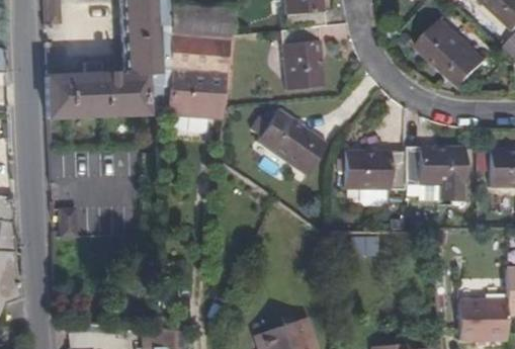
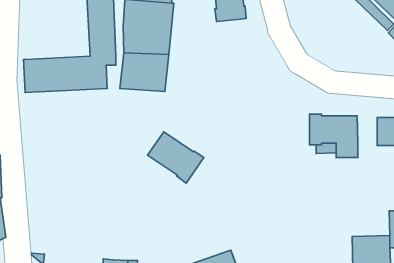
building: [418,19,487,87] -> none
building: [280,26,323,89] -> none
building: [257,110,328,175] -> [148,132,204,183]
building: [345,151,405,189] -> none

